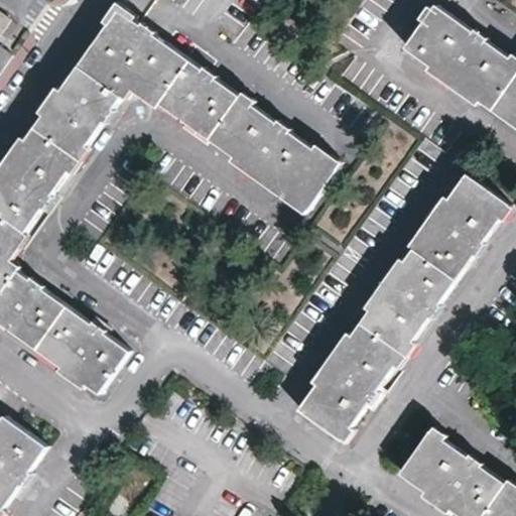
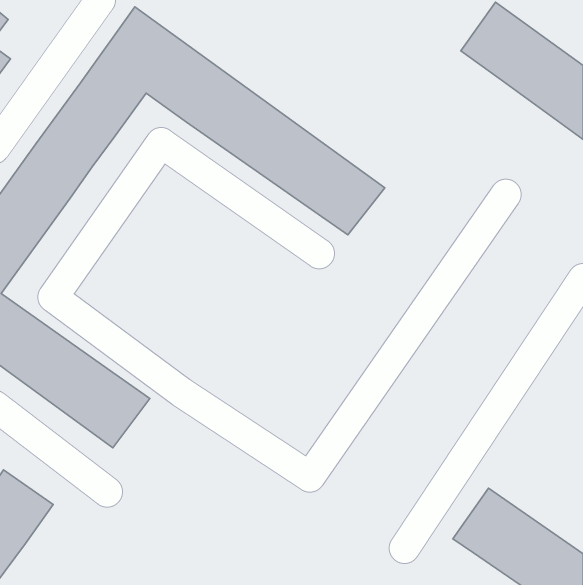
building: [293,174,506,440] -> none

